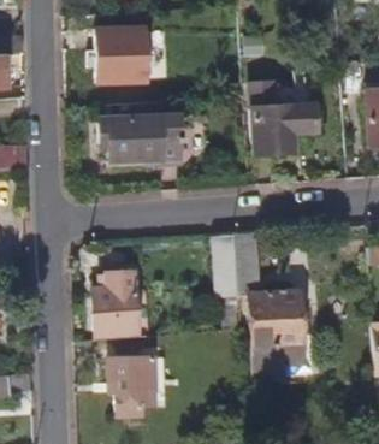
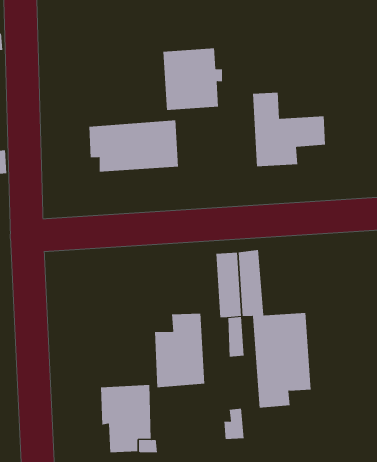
building: [97,26,153,84] -> [162,48,223,111]
building: [95,271,142,339] -> [154,313,205,388]

